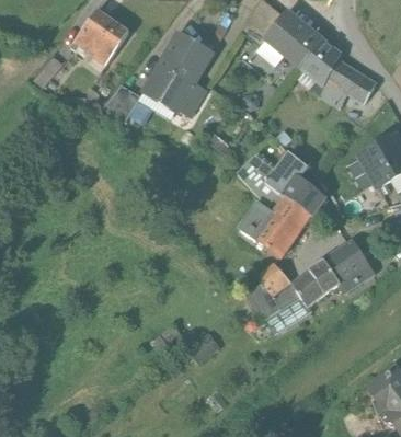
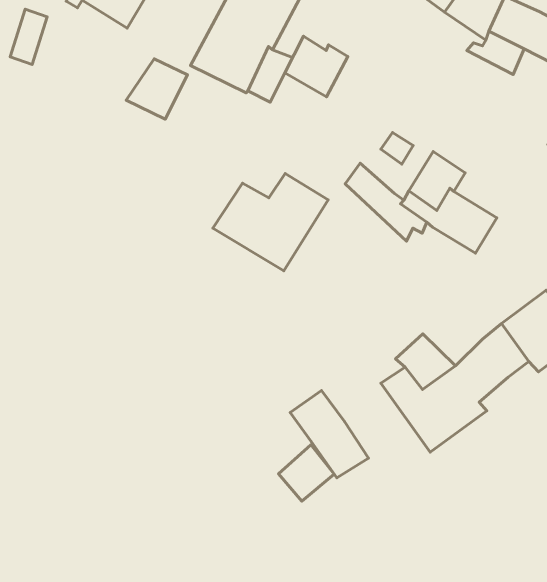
building: none -> [285,36,348,97]
building: [239,198,310,257] -> [213,174,328,271]
building: none -> [290,391,368,478]

